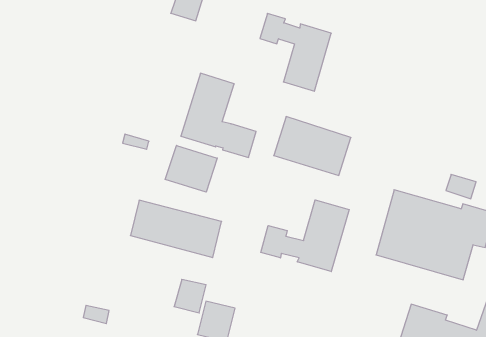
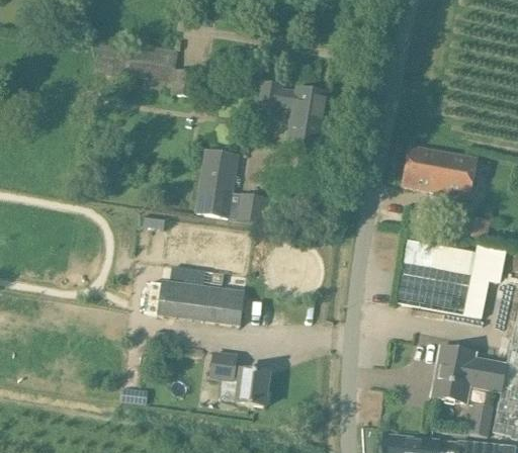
building: [274,117,351,175] -> [403,146,476,196]
building: [165,145,217,192] -> none
building: [261,200,349,272] -> none

